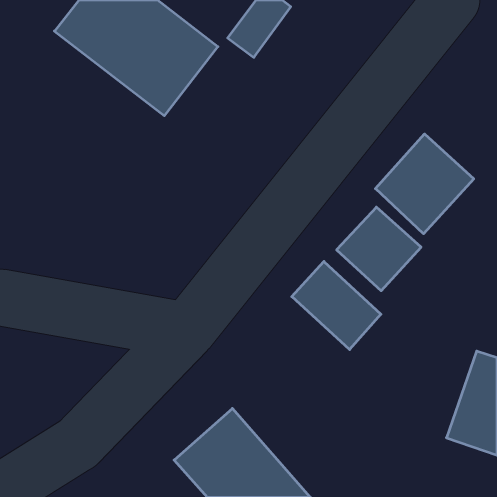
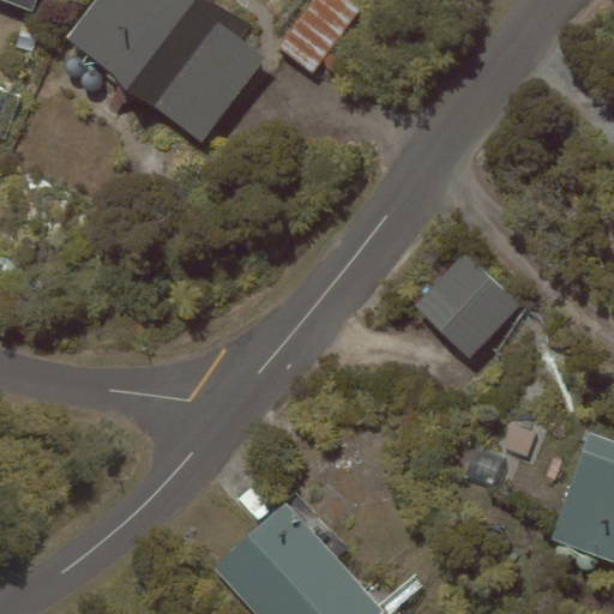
building: [375,134,474,234] -> none
building: [292,261,381,350] -> none

